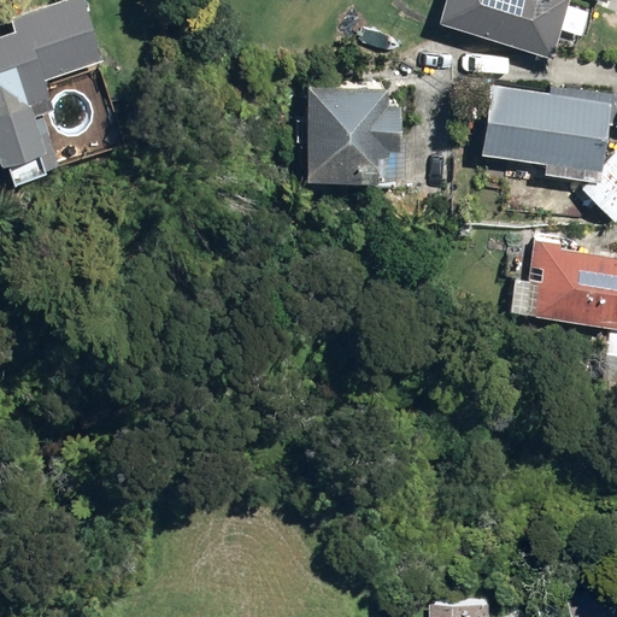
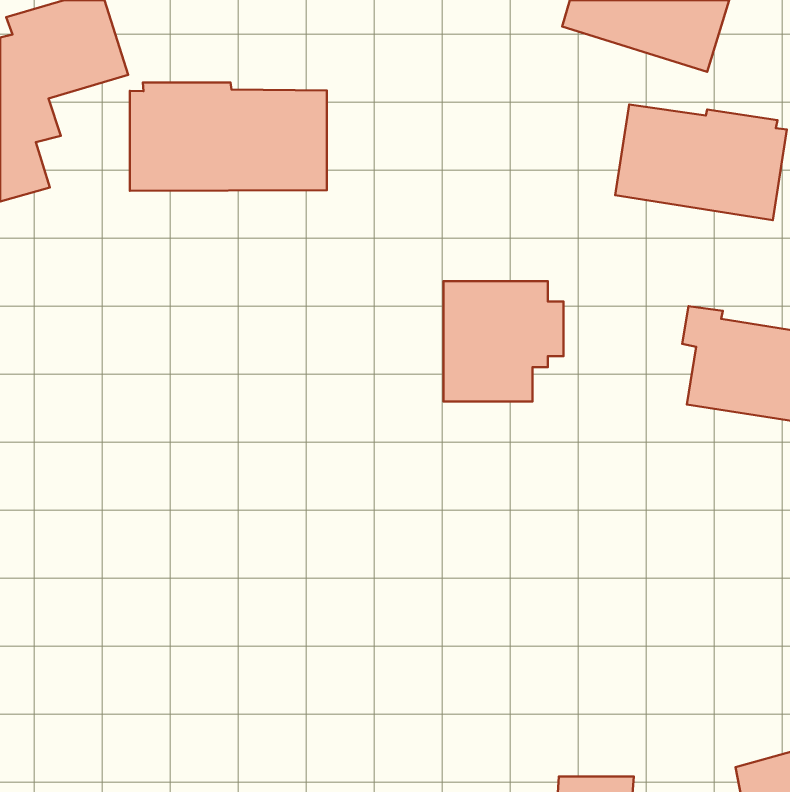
building: none -> [130,82,327,191]
building: [305,88,398,181] -> [443,281,564,402]

